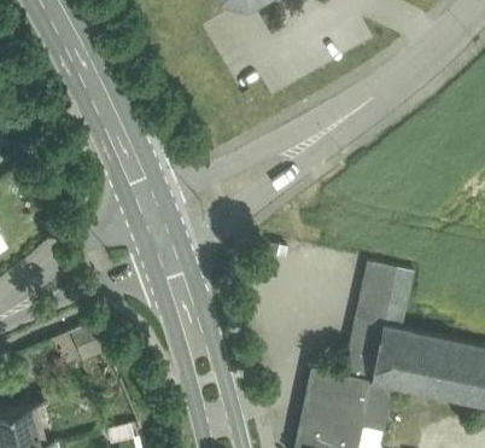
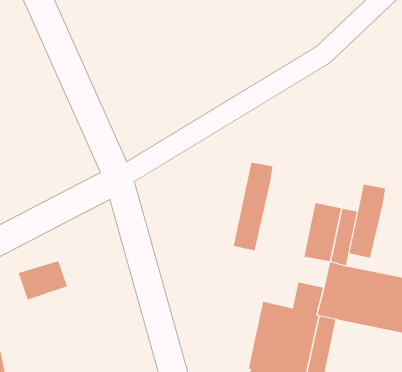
building: none -> [233,162,273,251]
building: none -> [349,184,385,259]
building: [349,321,382,354] -> none

